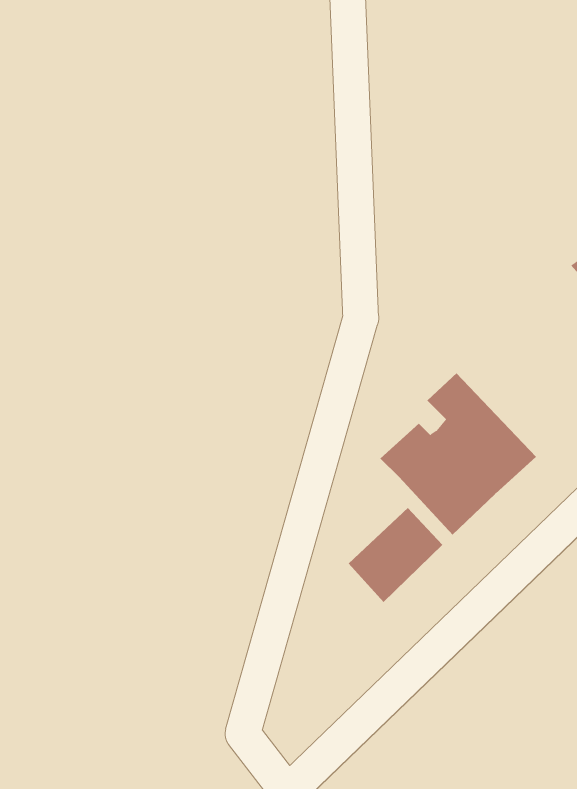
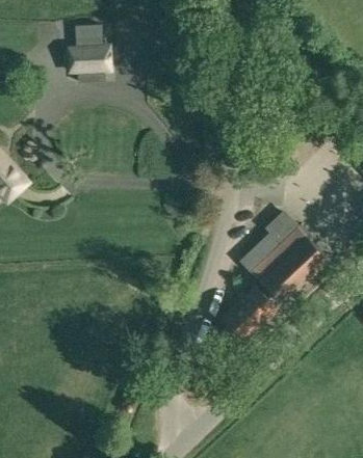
building: none -> [70,25,108,82]

